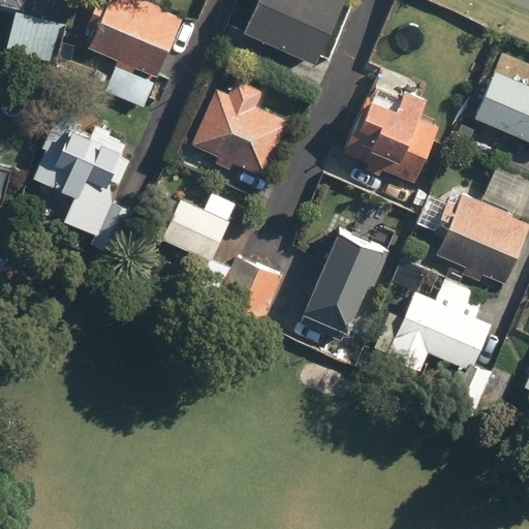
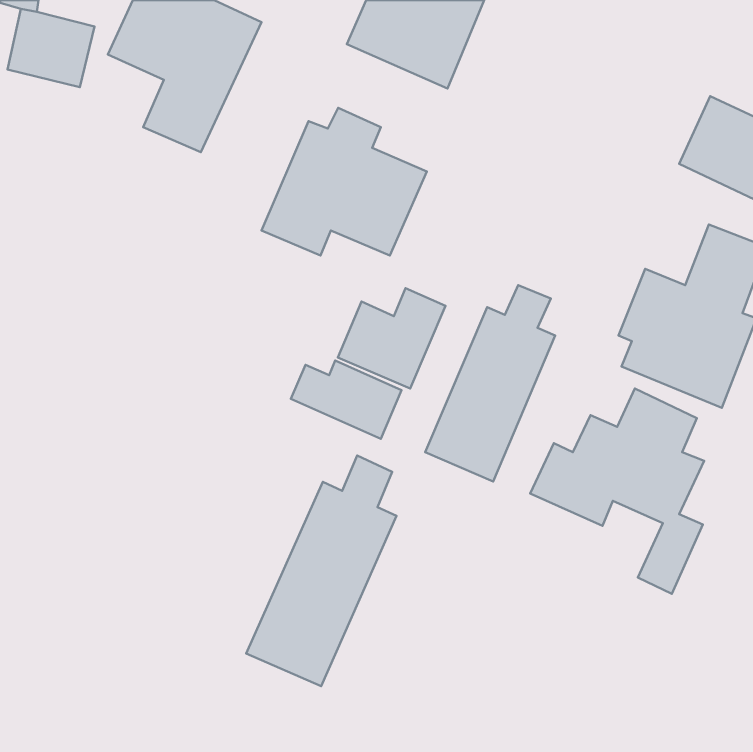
building: [343,84,440,187] -> none
building: [31,121,135,234] -> none
building: [163,190,239,260] -> [338,288,446,389]
building: none -> [246,455,397,686]

